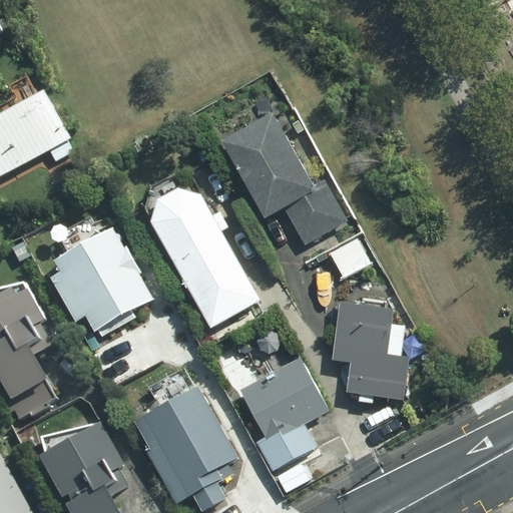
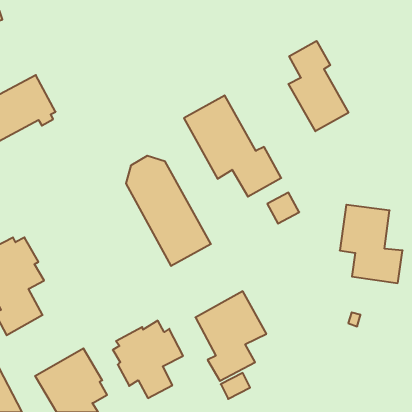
building: none -> [288,41,348,131]
building: [47,224,150,329] -> none
building: [332,303,409,399] -> [340,205,403,283]

